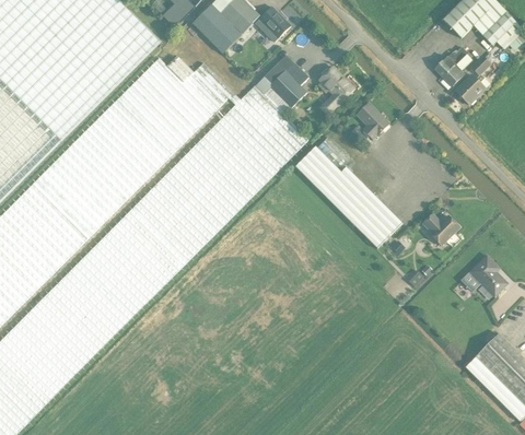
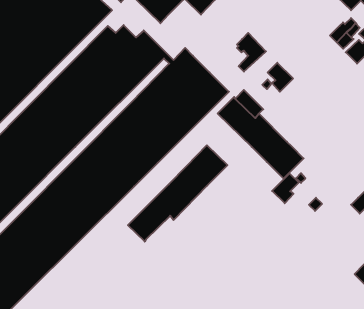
building: [255,54,308,115] -> none
building: none -> [128,145,227,242]
building: [422,213,459,245] -> none
building: none -> [272,173,299,203]

